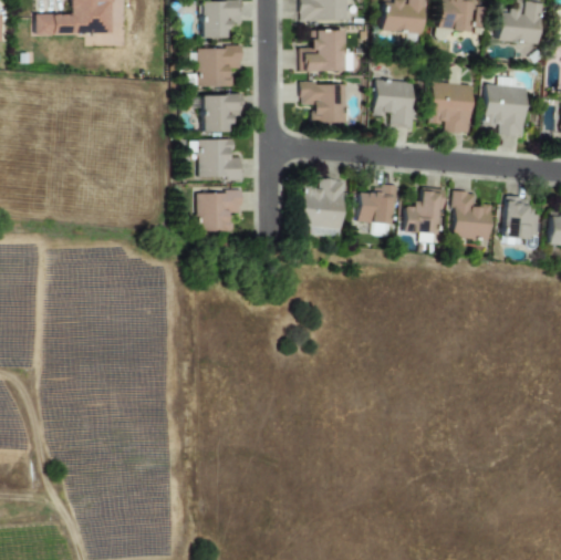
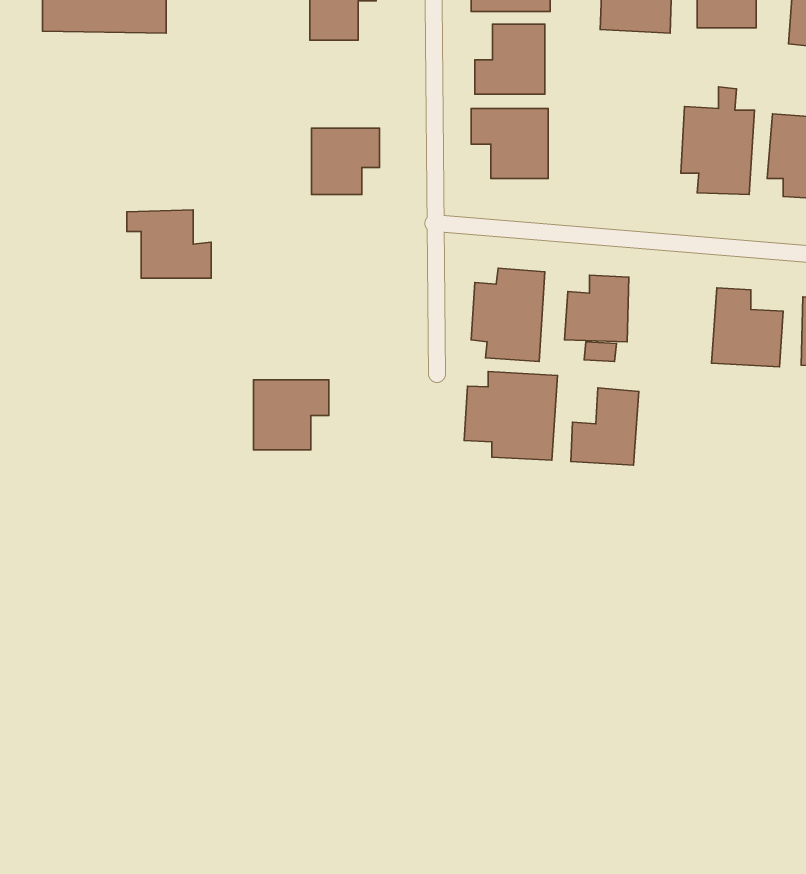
building: [196,45,242,89] -> none
building: [374,80,416,128] -> none
building: [190,138,242,180] -> [127,210,211,278]
building: [403,187,445,235] -> [571,388,639,465]
building: [196,189,242,232] -> [253,380,329,450]
building: none -> [464,371,557,460]

